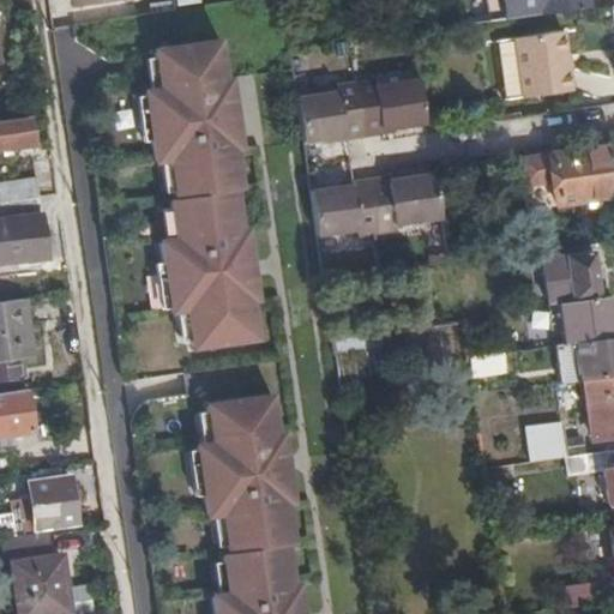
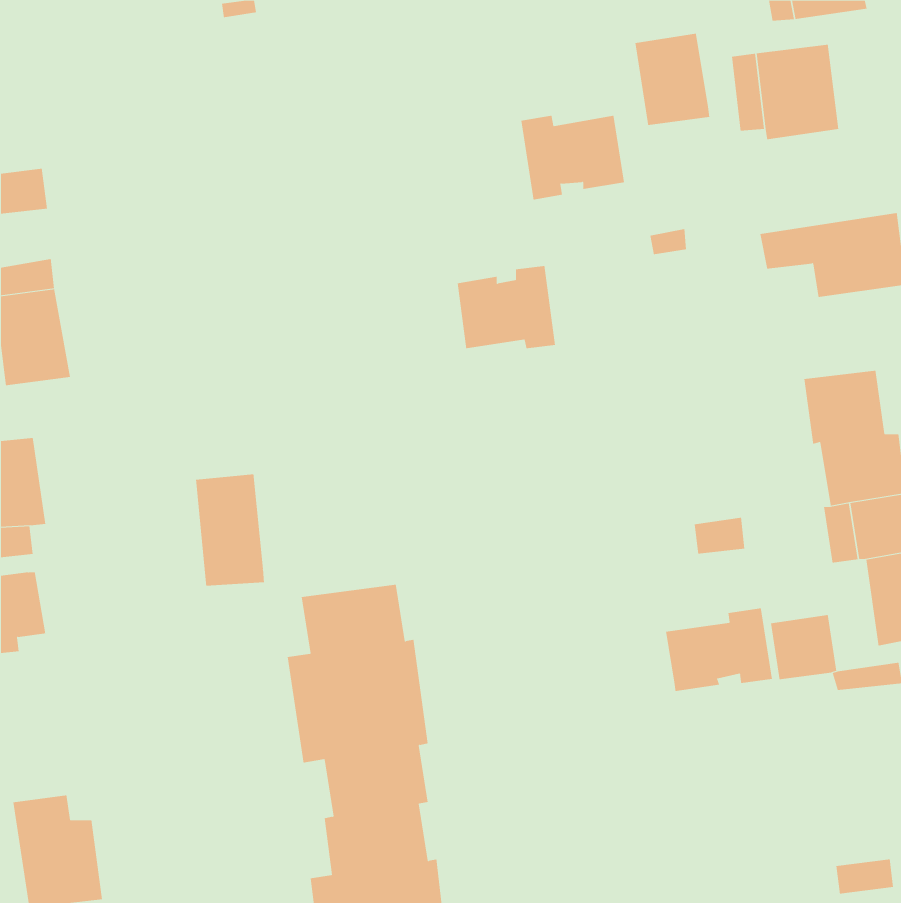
building: none -> [635,33,710,126]
building: [149,43,258,350] -> none
building: [296,83,363,142] -> none
building: [372,174,443,235] -> none
building: none -> [195,473,264,586]
building: none -> [666,608,773,692]
building: [30,477,78,525] -> none

